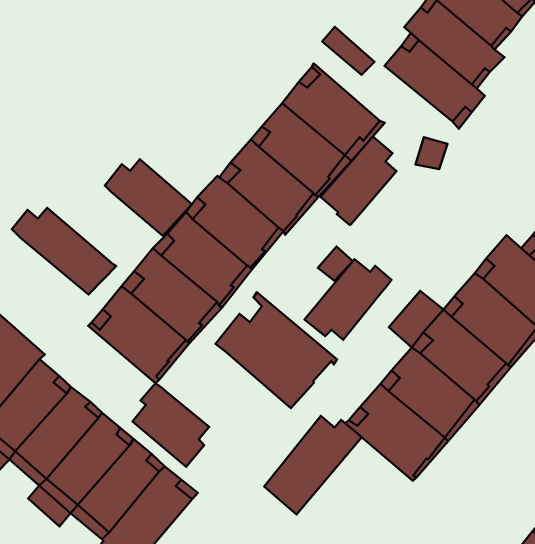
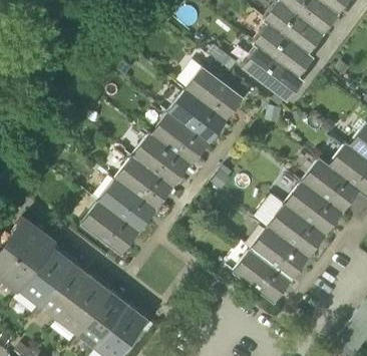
building: [320,137,396,225] -> none
building: [105,159,192,236] -> none
building: [12,208,116,294] -> none
building: [304,259,392,340] -> none
building: [215,292,337,408] -> none
building: [132,383,209,467] -> none
building: [264,416,362,514] -> none

